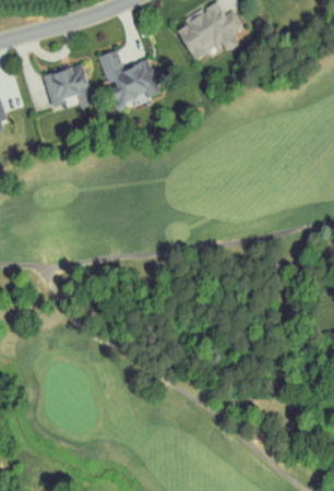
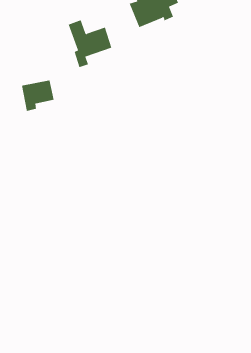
building: [38,65,82,107] -> [21,80,54,111]

